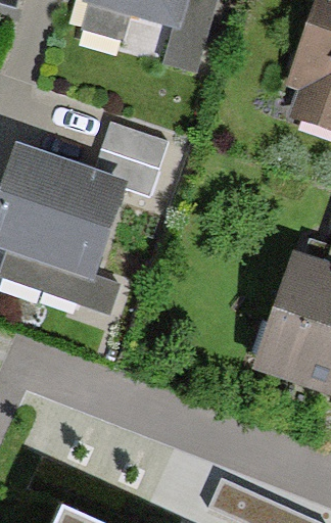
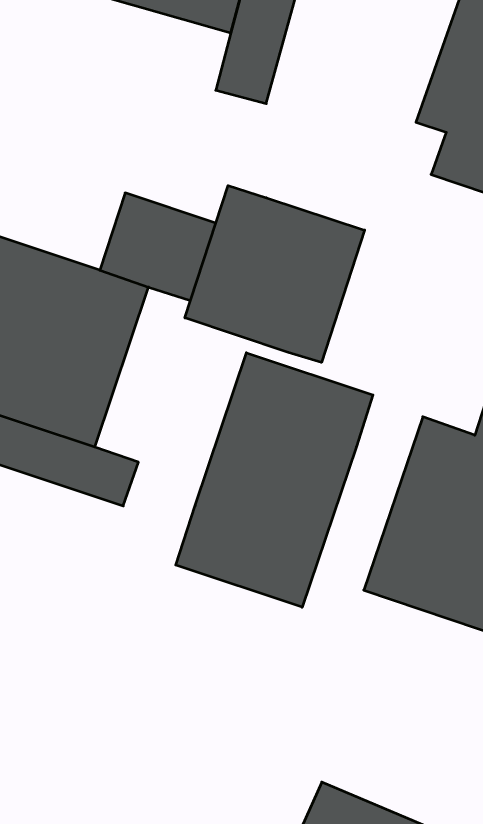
building: none -> [185,186,365,362]
building: none -> [176,353,373,607]

